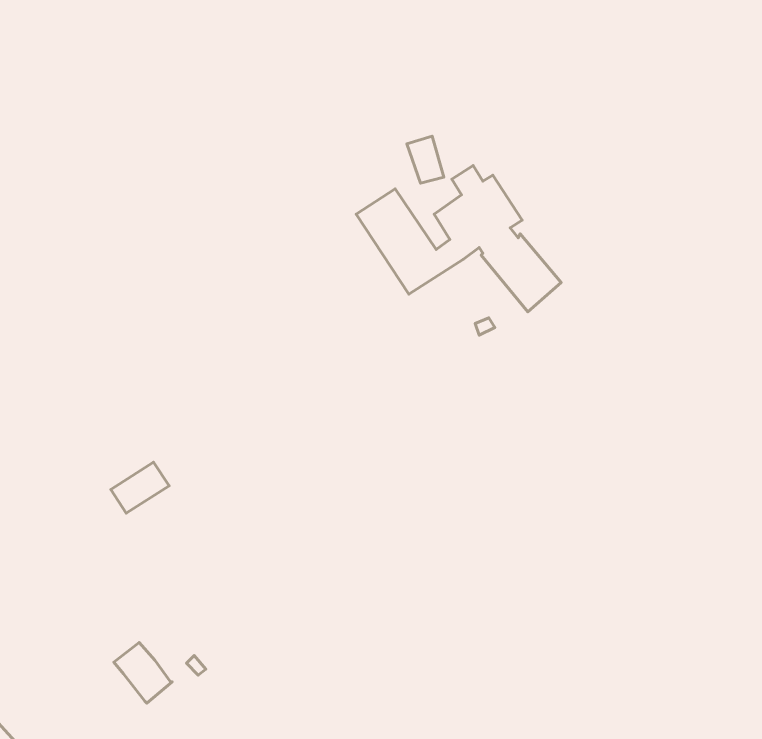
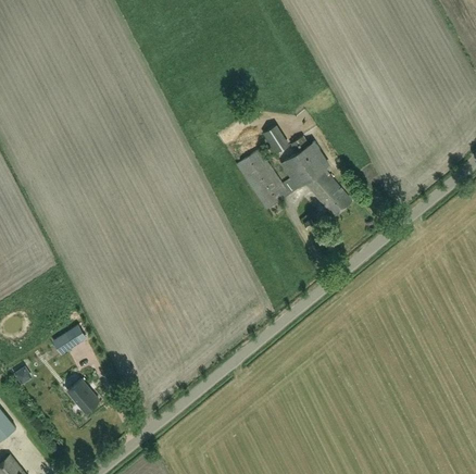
building: [111,462,169,513] -> [53,325,86,353]
building: [114,643,172,703] -> [67,379,100,413]

